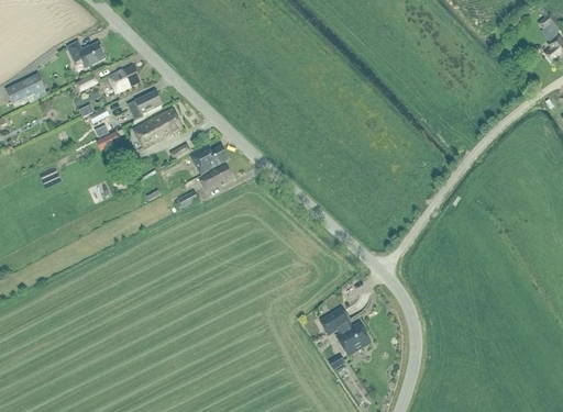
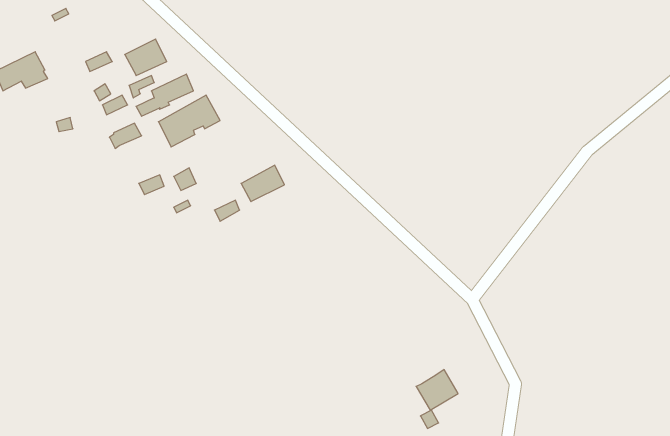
building: [68,40,106,66] -> none
building: [190,145,228,172] -> none
building: [320,307,352,333] -> none

